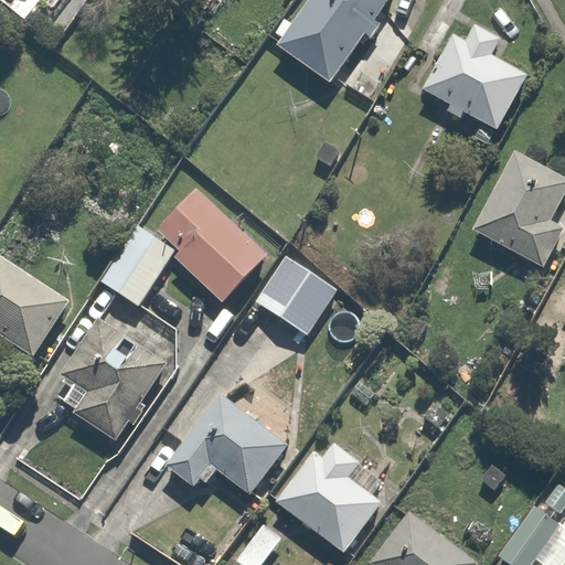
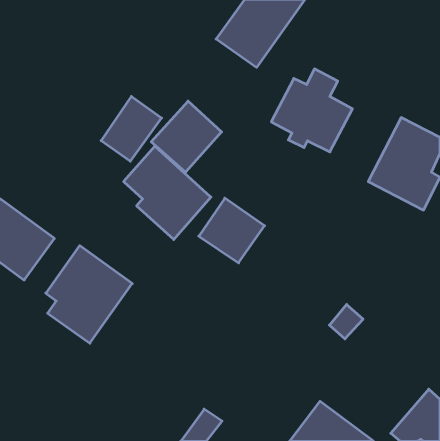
building: [420,22,524,128] -> [271,69,352,152]
building: none -> [151,101,222,172]
building: [98,224,175,307] -> [101,96,162,161]
building: [163,394,289,497] -> none
building: [275,443,385,555] -> none

